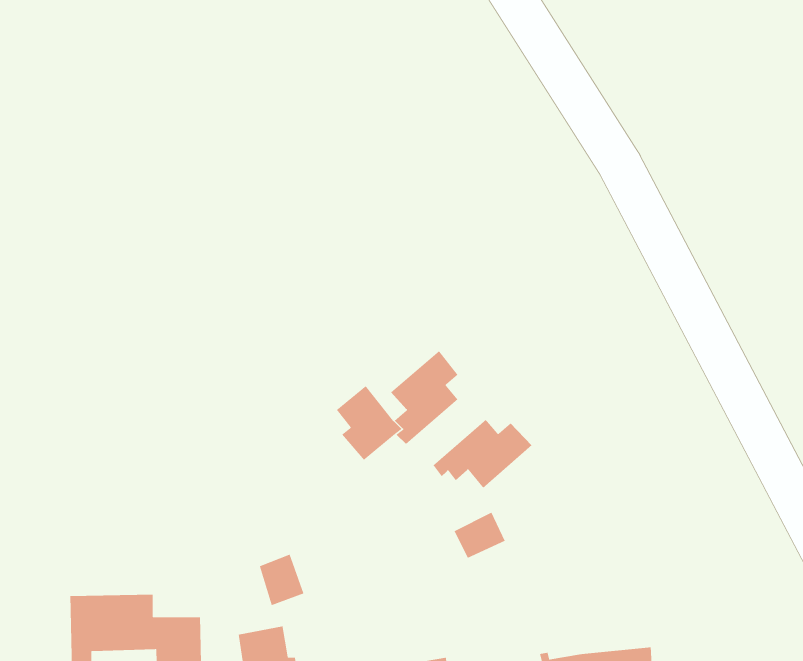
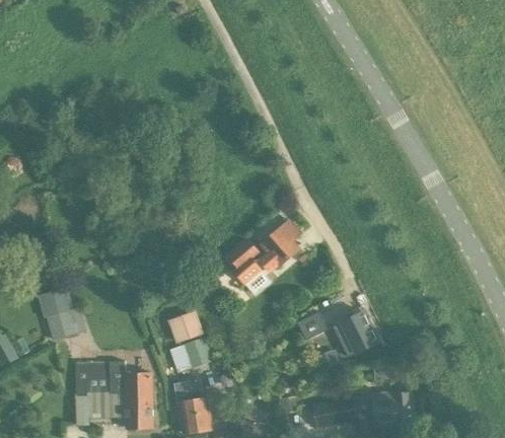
building: [432,419,533,489] -> none
building: none -> [39,288,84,339]
building: none -> [167,311,202,343]
building: none -> [332,311,377,356]

